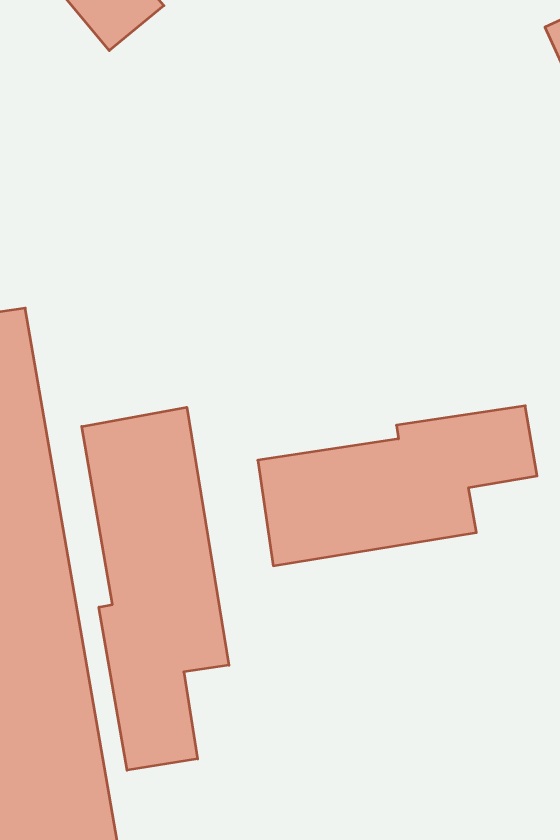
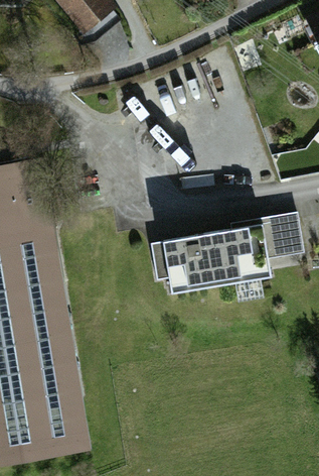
building: [82,407,229,770] -> none

